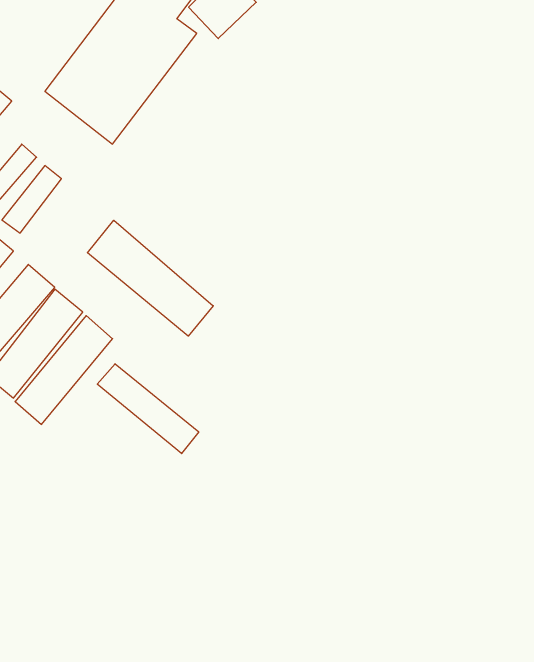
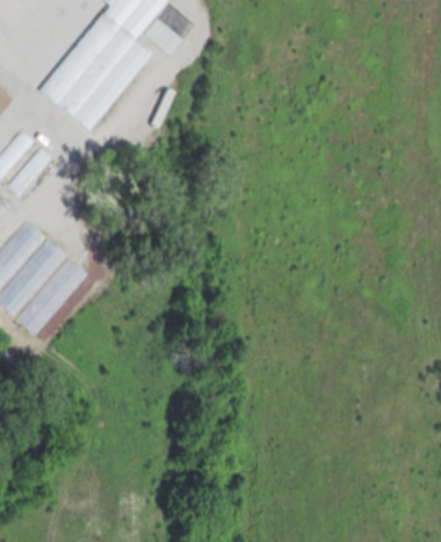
building: [87,220,213,336] -> none
building: [97,364,199,454] -> none

